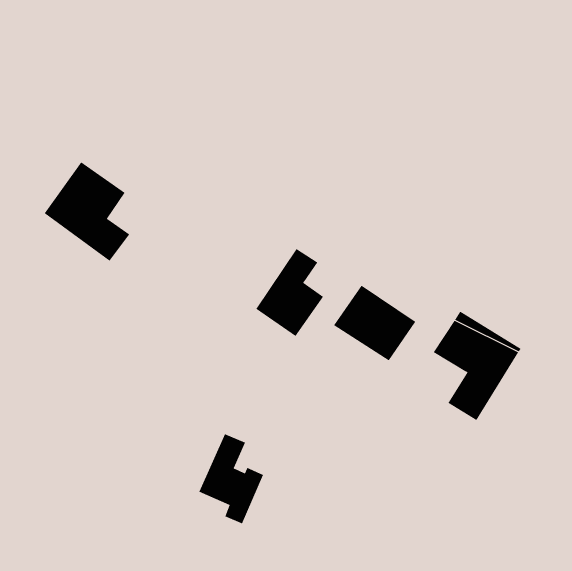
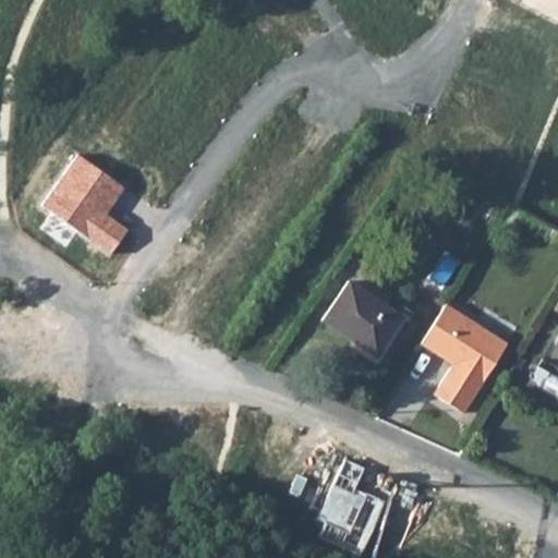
building: [256,248,324,337] -> none
building: [199,433,264,524] -> [318,461,381,549]

